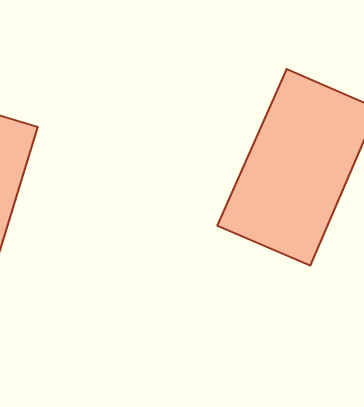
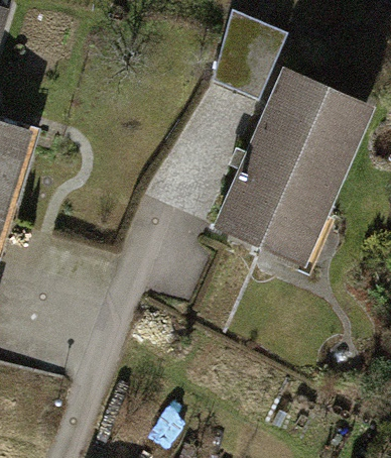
building: none -> [207,12,291,100]

